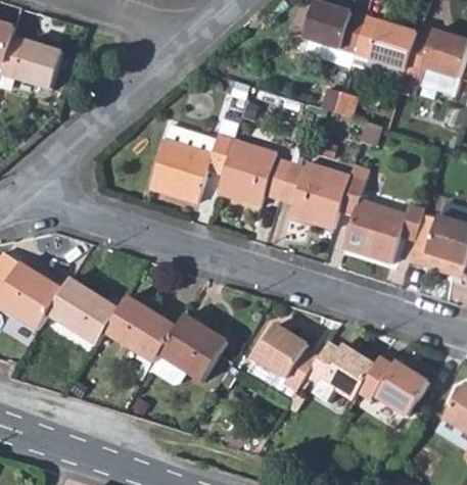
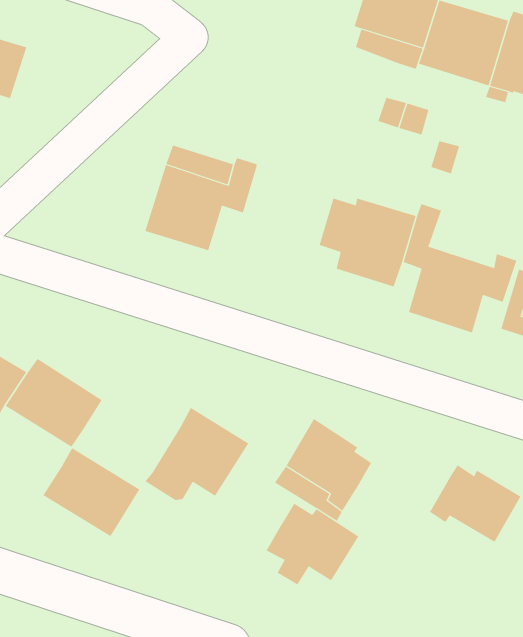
building: [218,138,289,204] -> none
building: [106,297,178,362] -> [43,448,140,537]
building: [307,340,375,400] -> [266,503,359,585]

